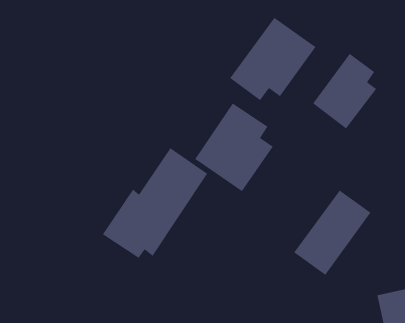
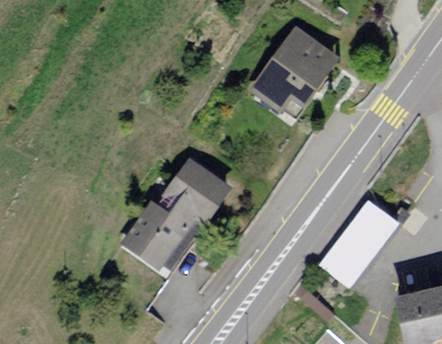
building: [312,53,377,130] -> none
building: [194,102,274,192] -> none

